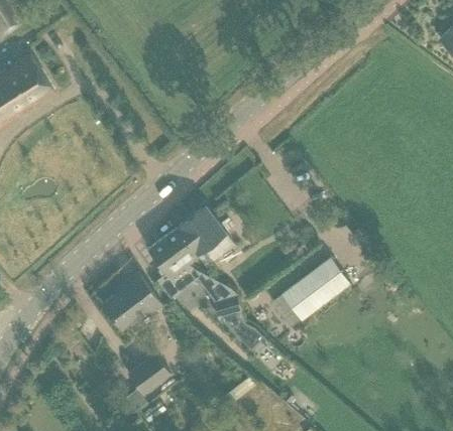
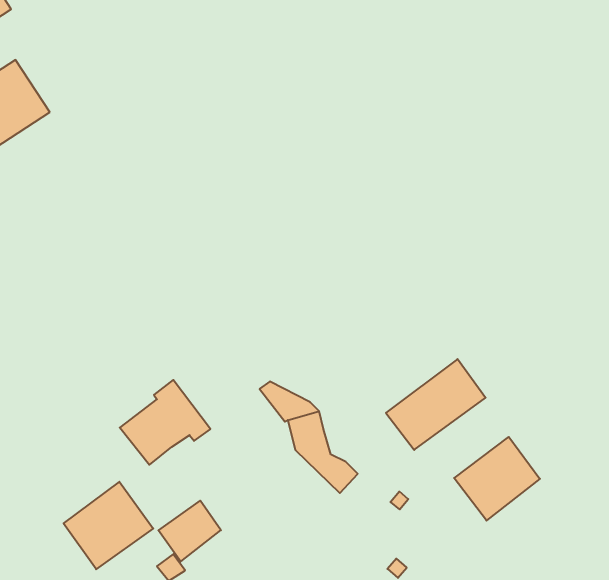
building: [146,207,232,279] -> none
building: none -> [454,437,540,521]
building: none -> [64,482,153,569]

